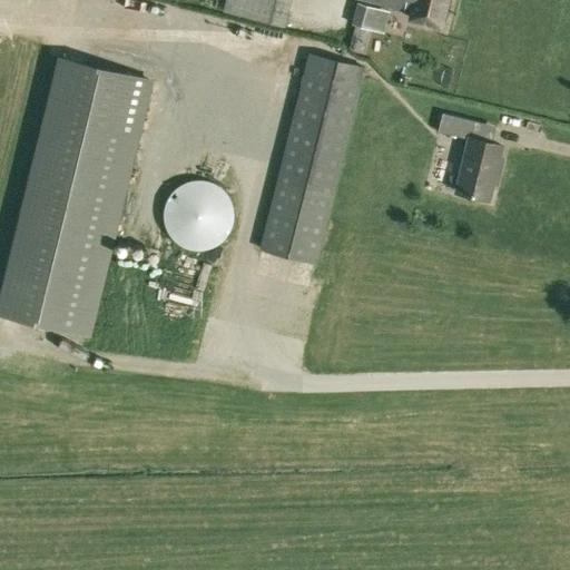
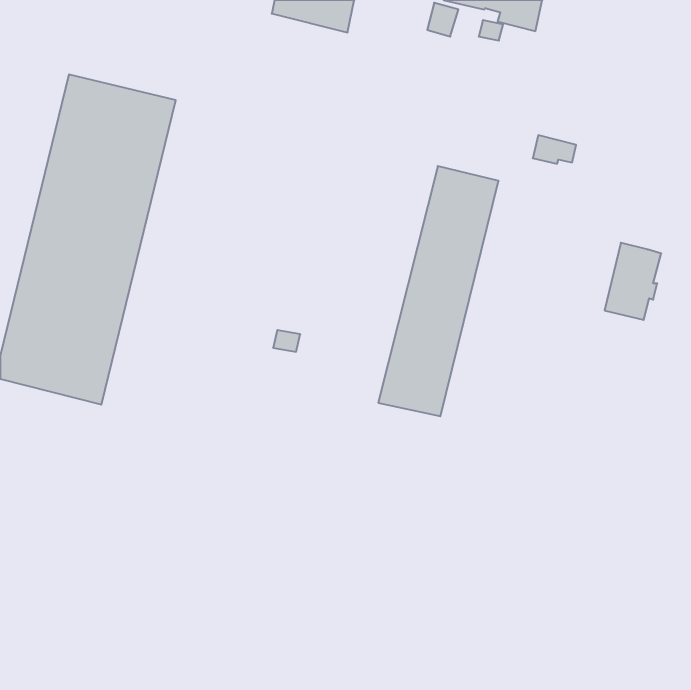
building: [265,58,364,264] -> [378,166,499,416]
building: [456,137,503,200] -> [605,243,661,320]
building: [165,180,235,250] -> none

